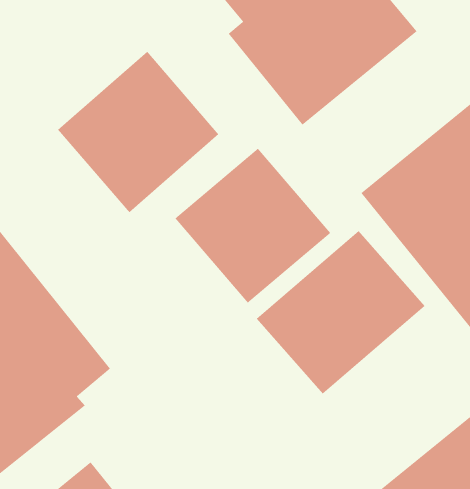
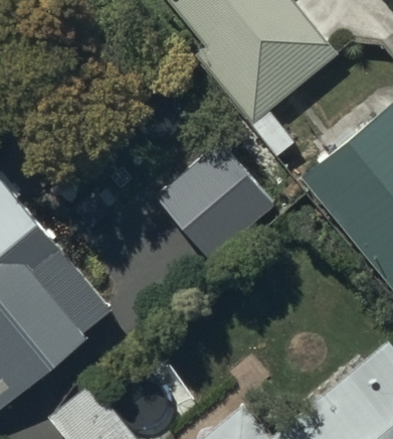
building: [57,51,219,213] -> none
building: [256,230,426,394] -> none

